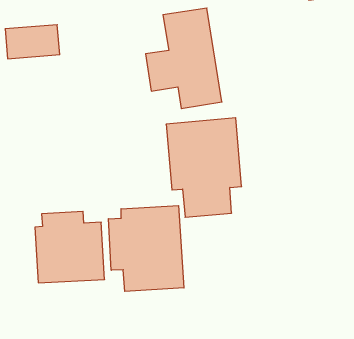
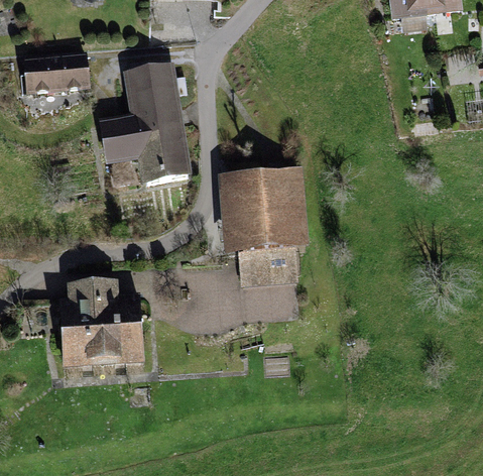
building: [146,8,222,109] -> [99,61,192,183]
building: [108,206,184,291] -> none

